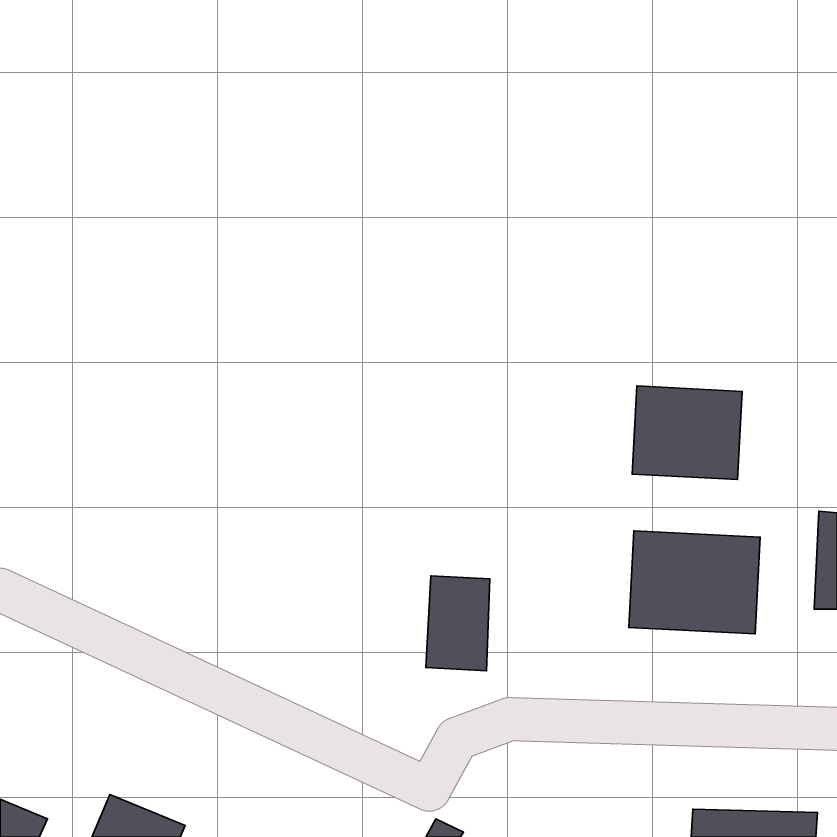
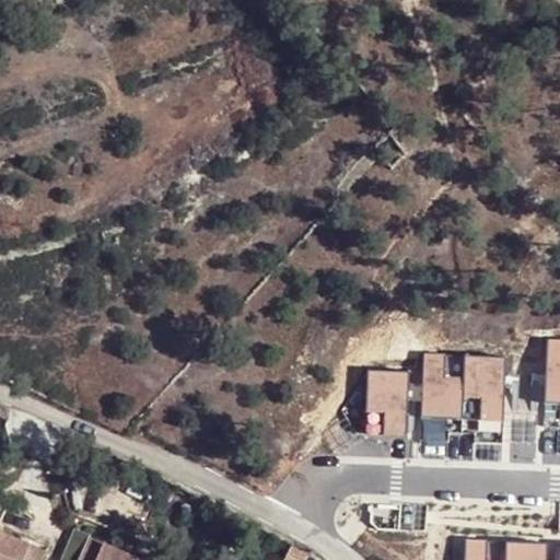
building: [632,386,742,480] -> none
building: [426,576,490,671] -> [364,373,407,436]

